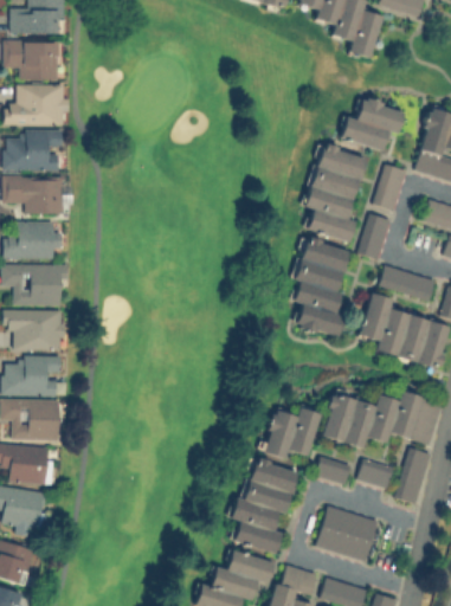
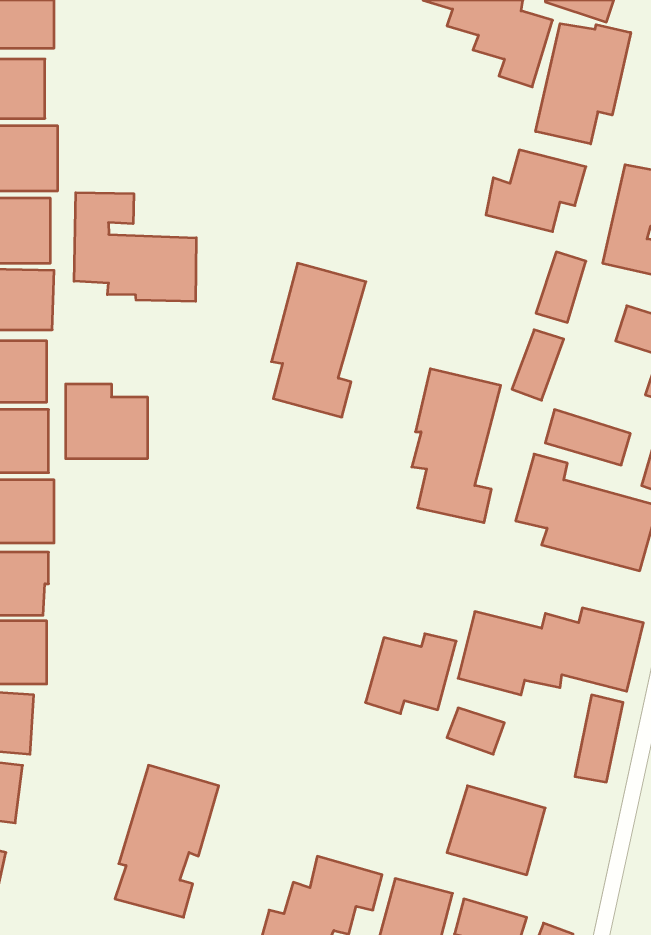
building: none -> [536,24,631,144]
building: none -> [74,193,196,301]
building: [305,144,366,243] -> [271,263,366,417]
building: none -> [66,384,147,459]
building: [233,457,299,554] -> [115,765,219,917]
building: [357,458,394,489] -> none

